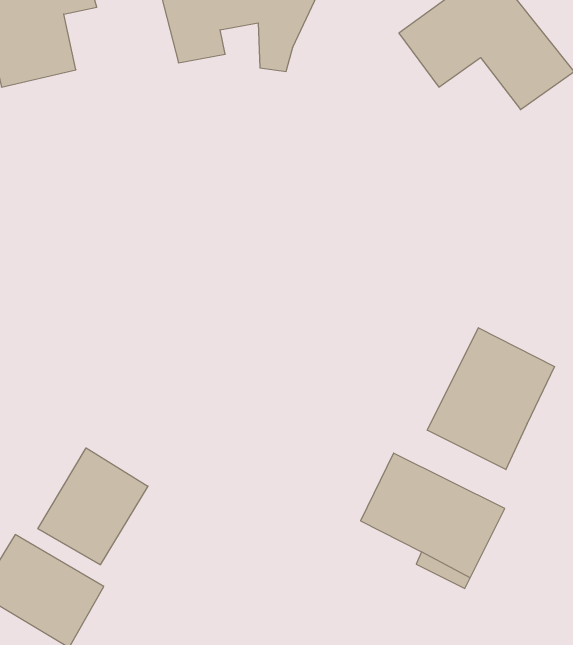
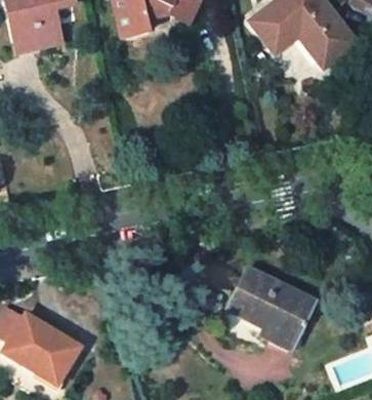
building: [427,328,555,470] -> none
building: [38,448,148,565] -> none

